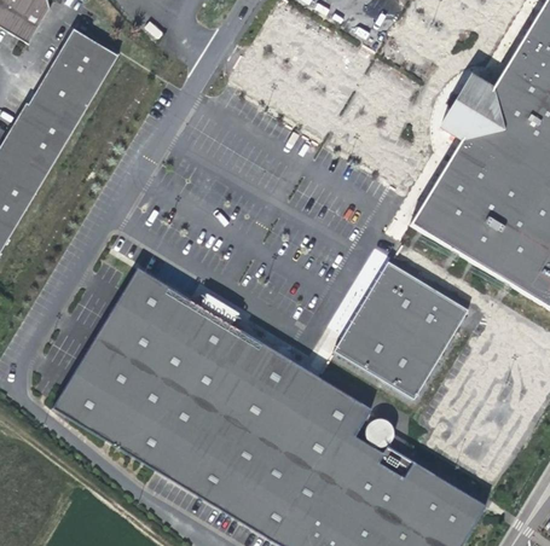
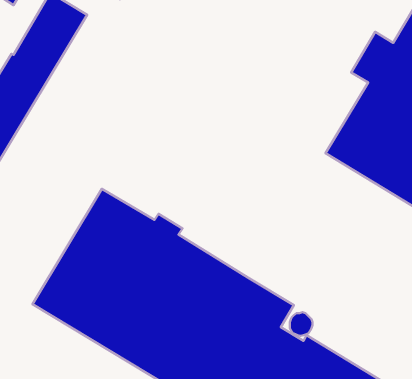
building: [332,260,468,399] -> none

